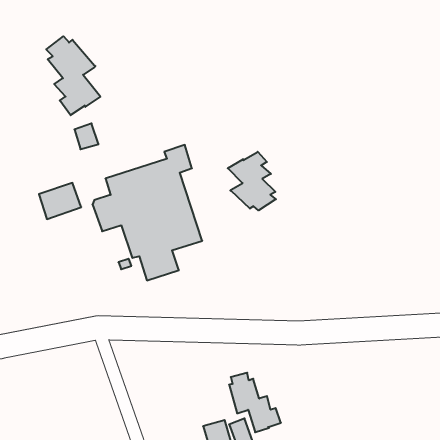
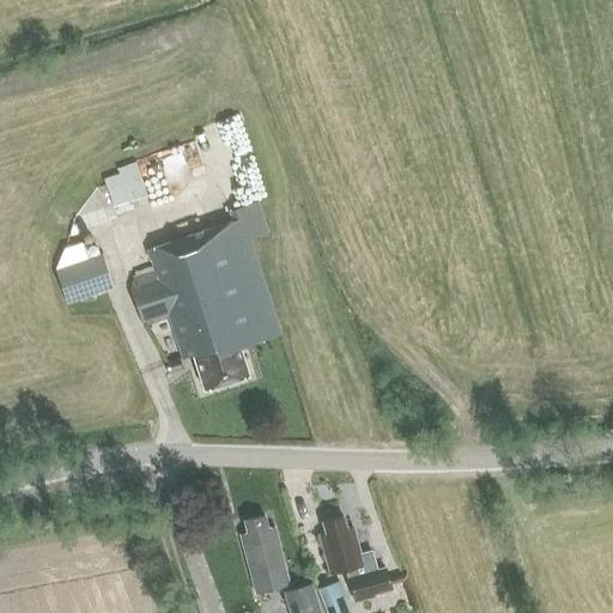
building: [46,36,100,115] -> none
building: [228,152,276,210] -> none
building: none -> [241,516,290,595]

